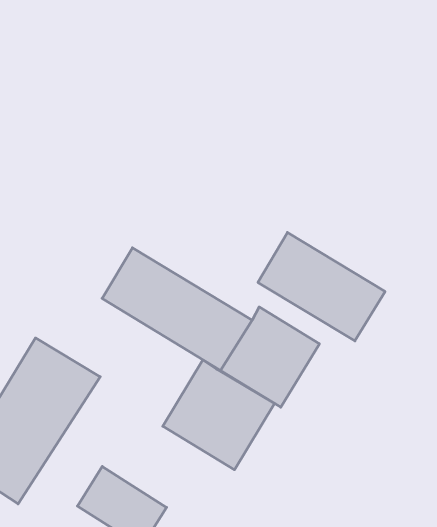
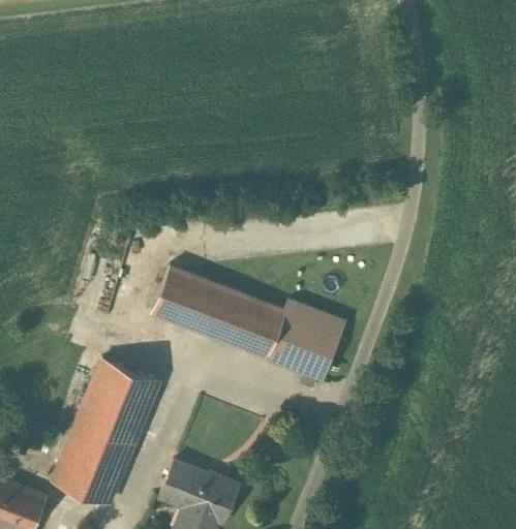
building: [258,232,385,341] -> none
building: [163,360,275,470] -> none

